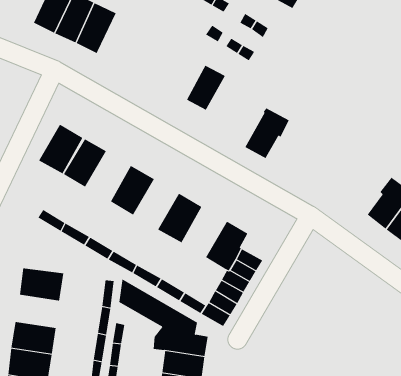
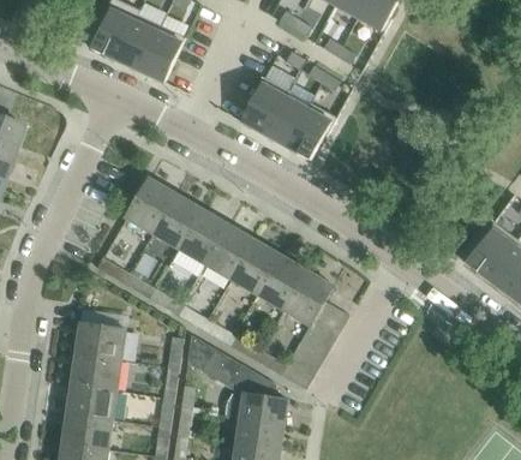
building: none -> [240,77,288,135]
building: [245,107,289,159] -> [286,102,336,160]
building: [38,124,83,174] -> [150,192,200,249]
building: none -> [204,223,254,280]
building: none -> [258,255,309,311]
building: none -> [71,353,121,390]

